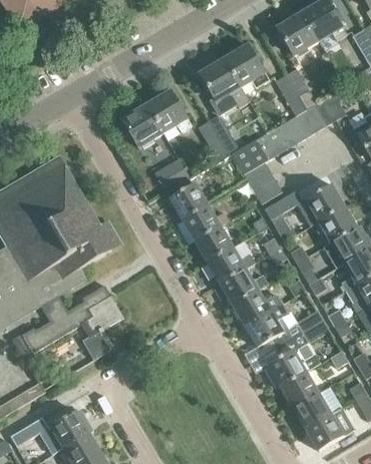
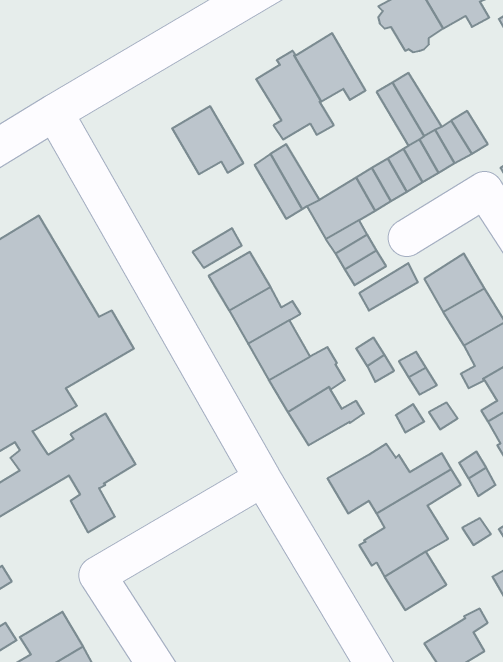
building: [117,104,162,147] -> none
building: [232,290,281,326] -> none
building: [293,393,331,430] -> none

